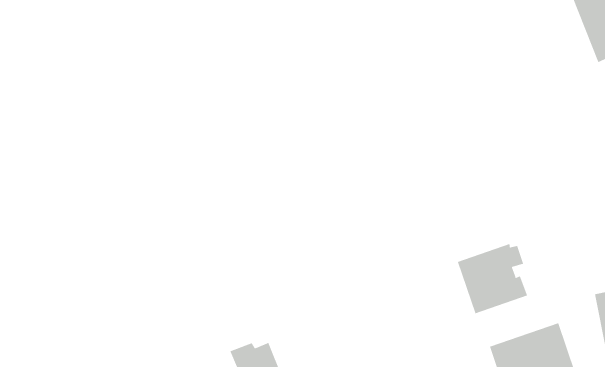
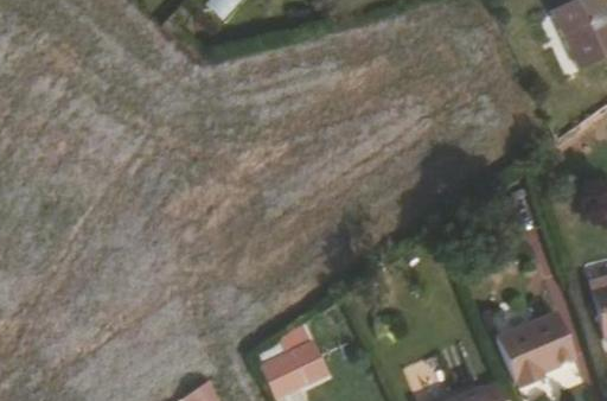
building: [457,243,528,314] -> none

